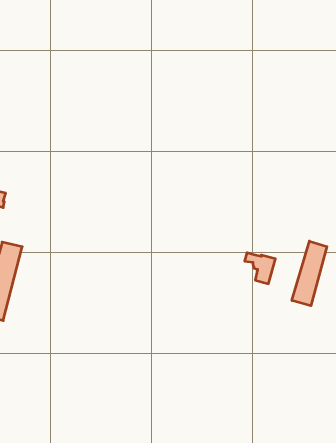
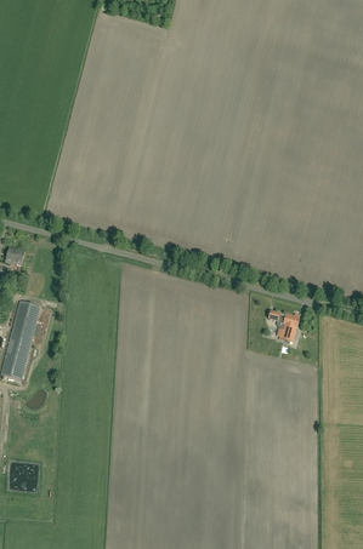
building: [292,241,327,306] -> none

